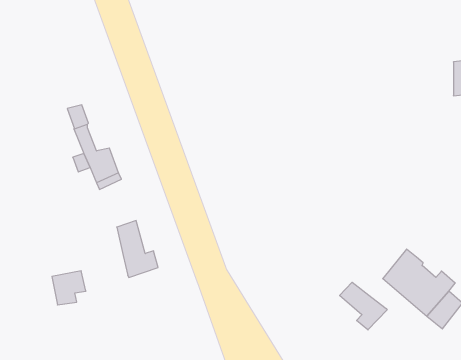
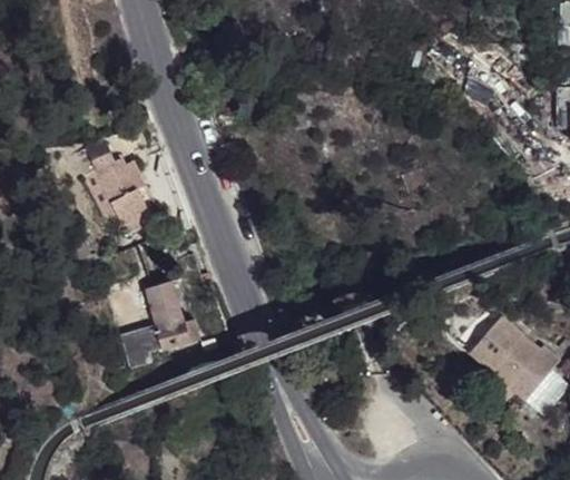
building: [52,271,86,305] -> [119,323,160,364]
building: [340,282,387,330] -> none

